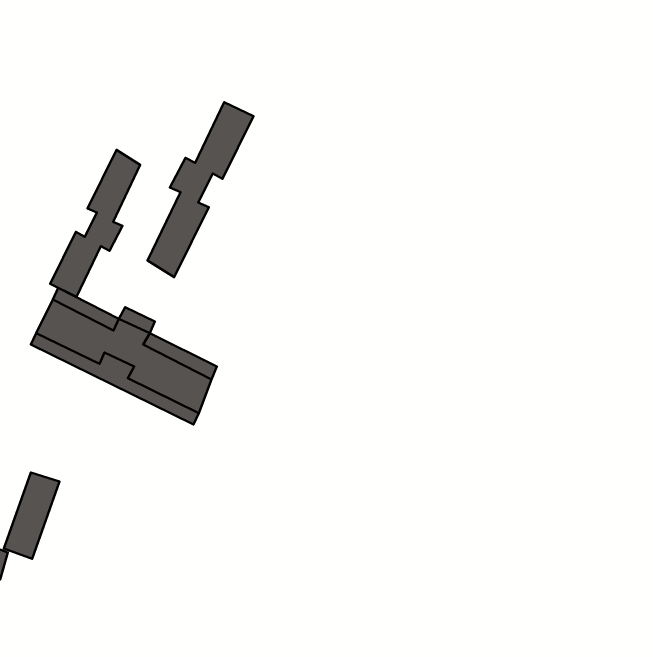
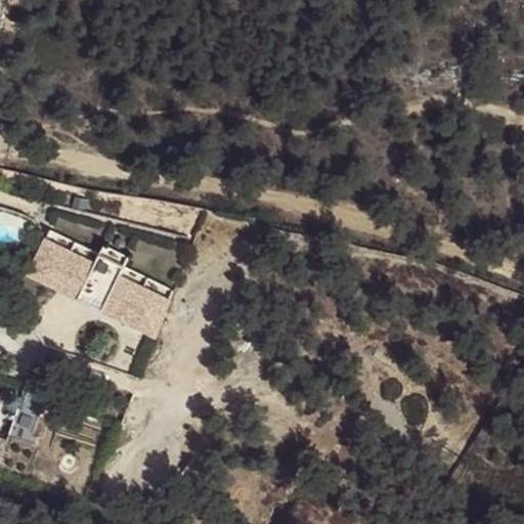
building: [148,102,254,277] -> none
building: [50,150,140,297] -> none

